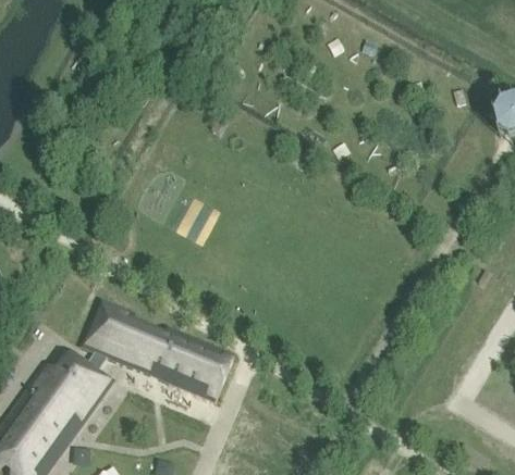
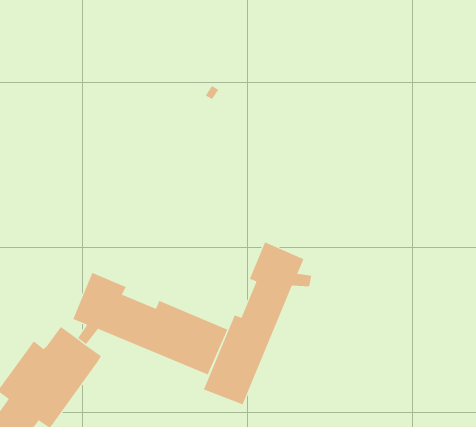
building: none -> [203,242,312,405]

